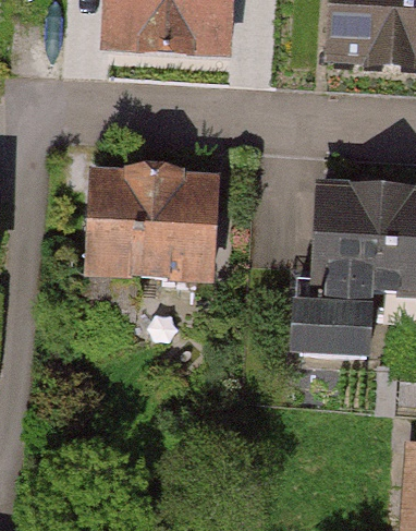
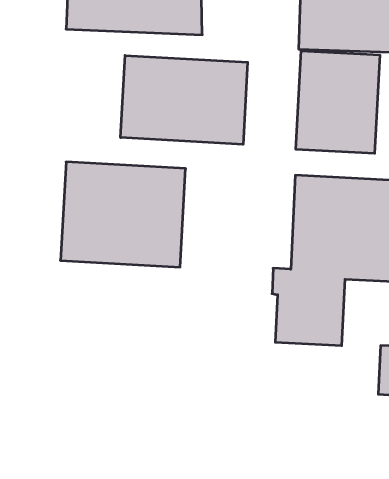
building: none -> [296,51,380,153]
building: none -> [121,55,248,144]

